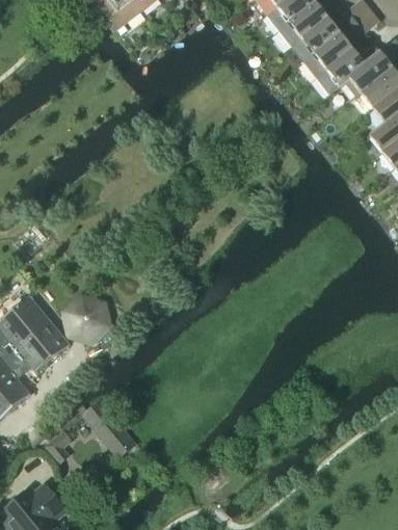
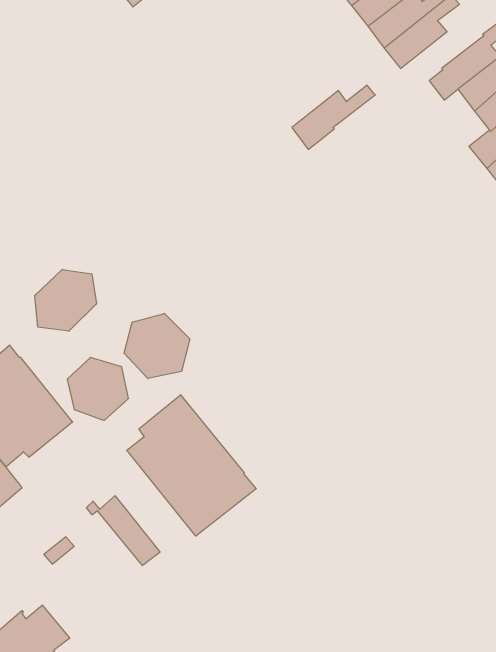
building: [318,45,381,94] -> [292,85,375,149]
building: none -> [35,269,97,331]
building: none -> [124,313,190,379]
building: none -> [127,395,256,536]

